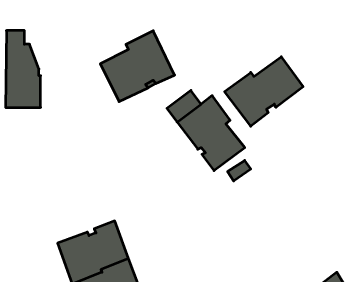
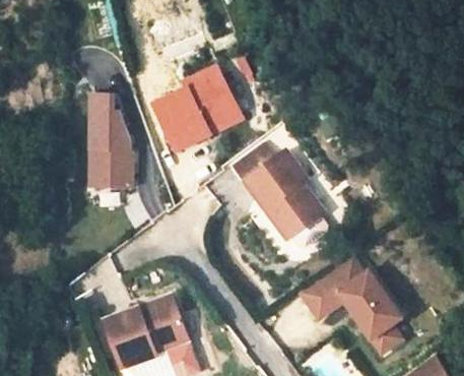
building: [6,31,41,107] -> [90,98,132,189]
building: [225,57,303,126] -> none
building: none -> [300,254,401,352]

